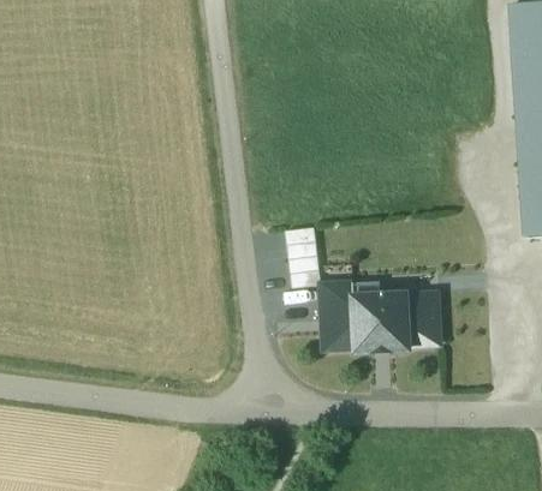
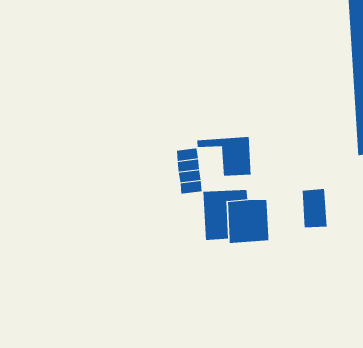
building: none -> [197,136,251,176]
building: [406,292,440,343] -> [302,189,327,228]

